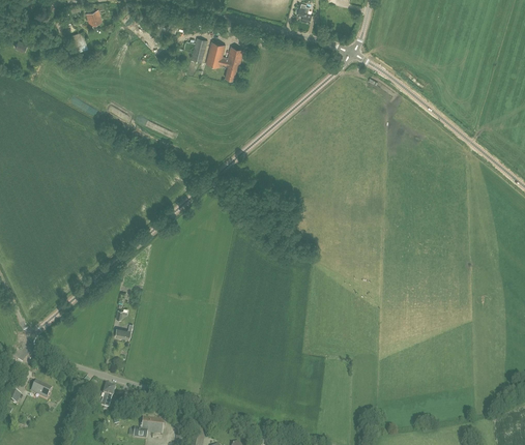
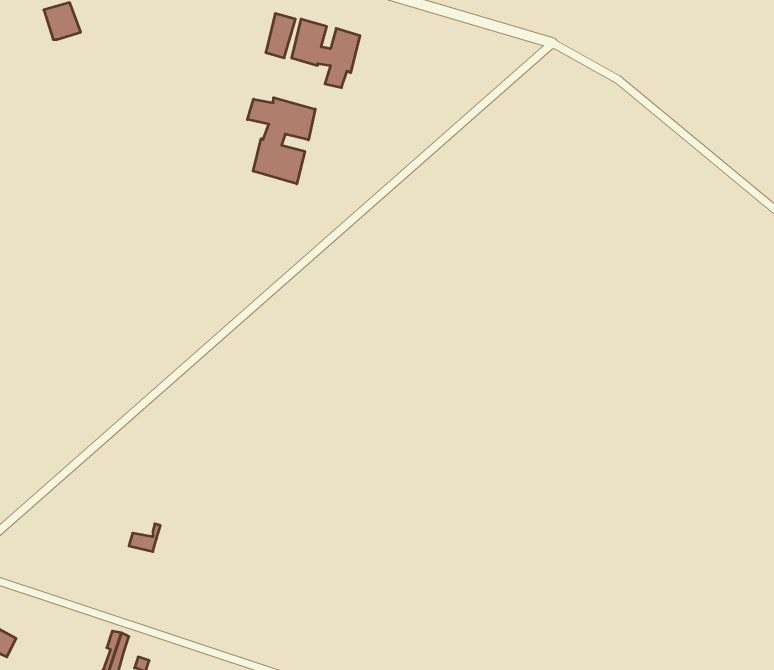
building: none -> [247,98,315,184]

